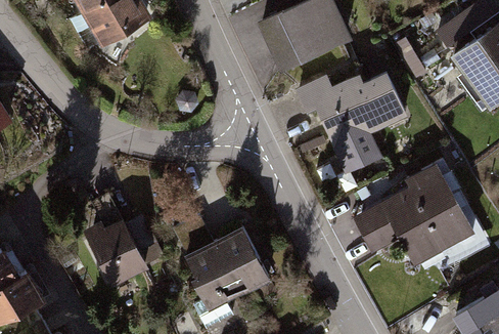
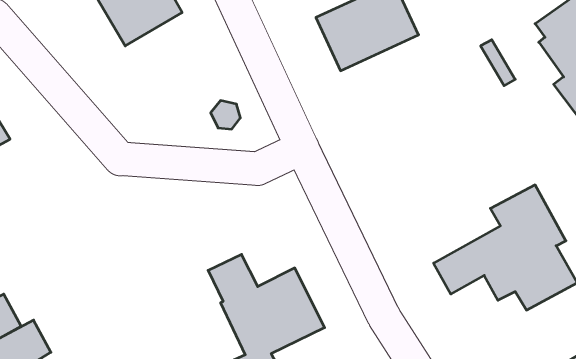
building: [299,73,404,166] -> none
building: [87,196,164,284] -> none

